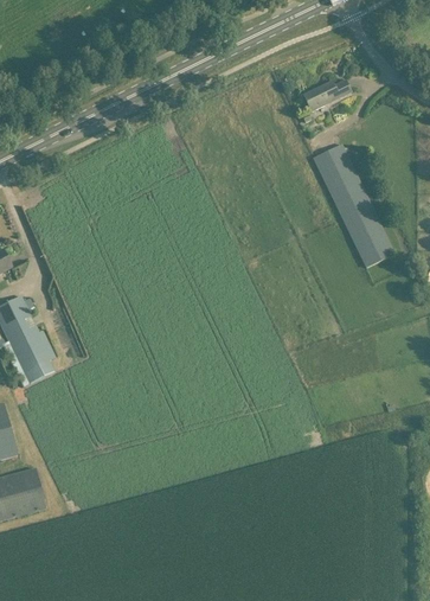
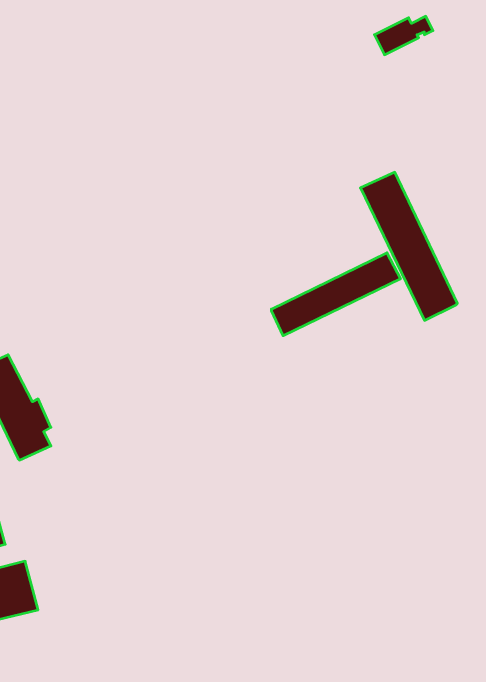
building: [303,78,352,110] -> [374,16,433,55]
building: none -> [271,253,400,336]

